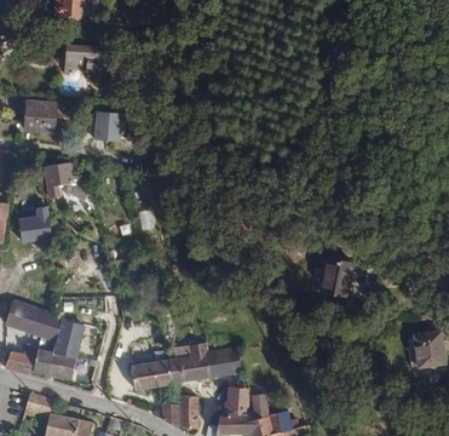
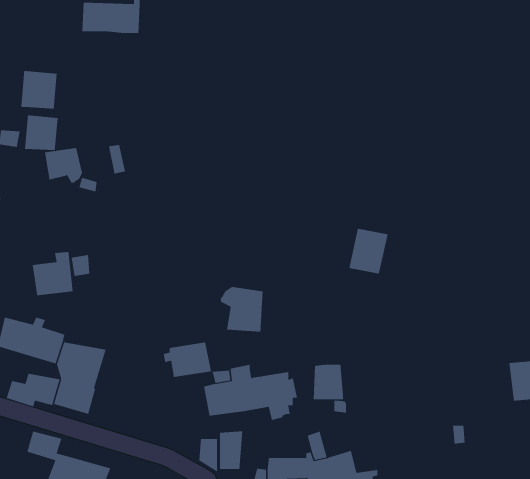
building: [91,111,119,140] -> [24,115,58,151]
building: [15,207,48,243] -> [32,251,74,296]
building: [328,259,361,297] -> [348,228,388,274]
building: none -> [220,286,263,333]
building: [136,358,175,388] -> [163,342,212,378]
building: [229,388,254,417] -> [313,364,344,400]

